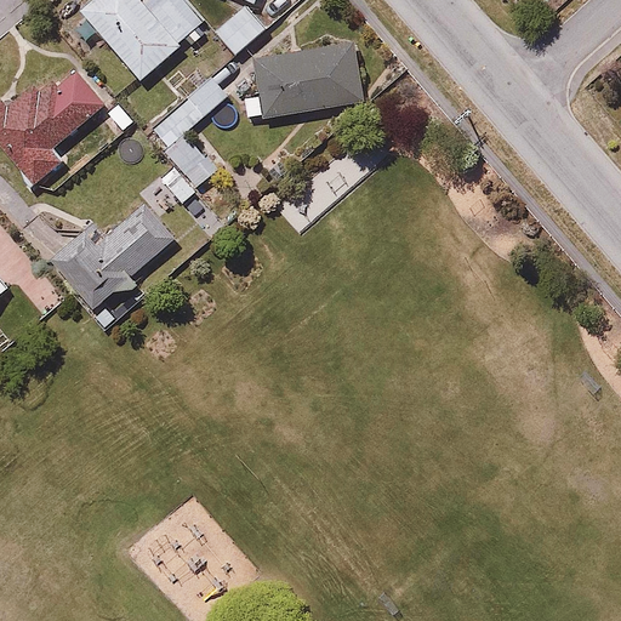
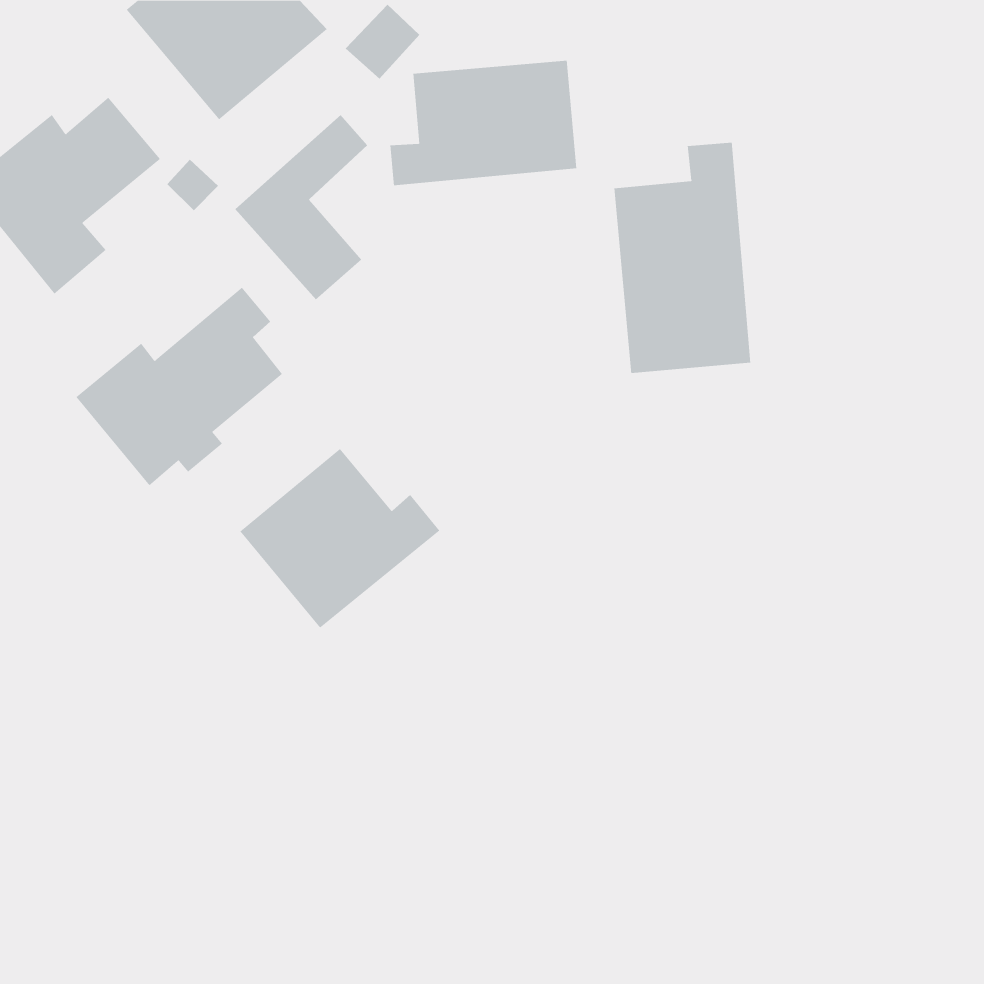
building: none -> [614,142,751,374]
building: none -> [240,448,440,629]

